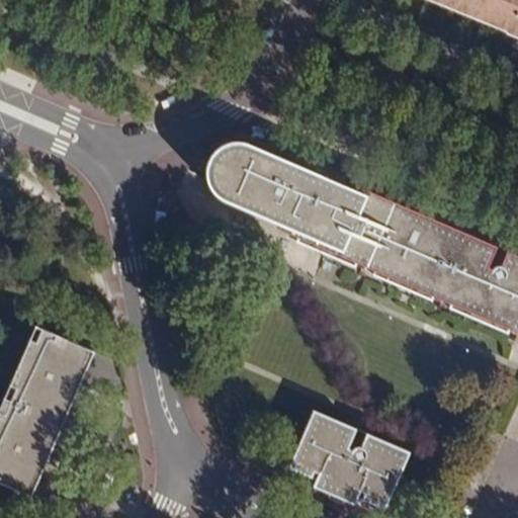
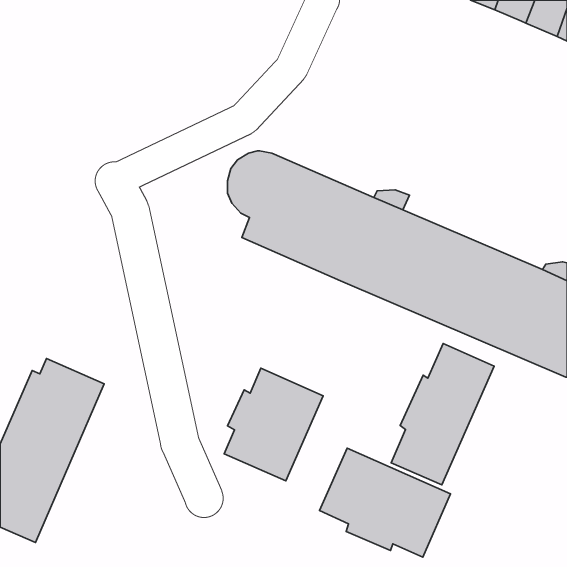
building: none -> [391,343,494,485]
building: none -> [224,368,323,481]

